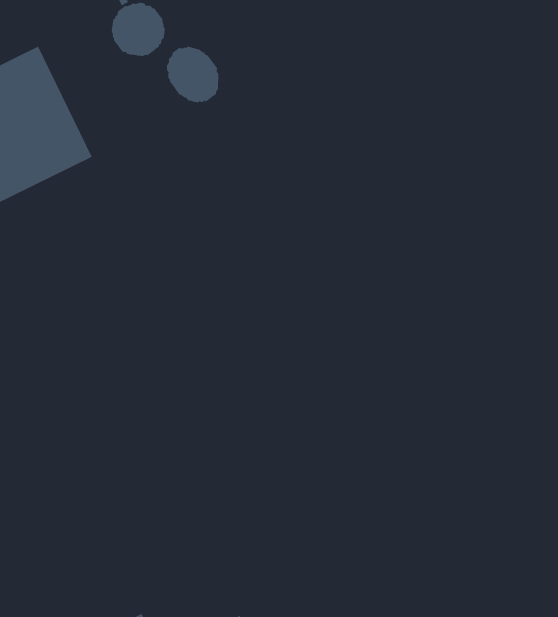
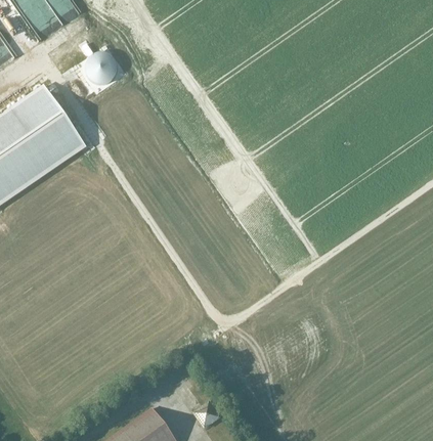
building: [166,46,219,103] -> none

